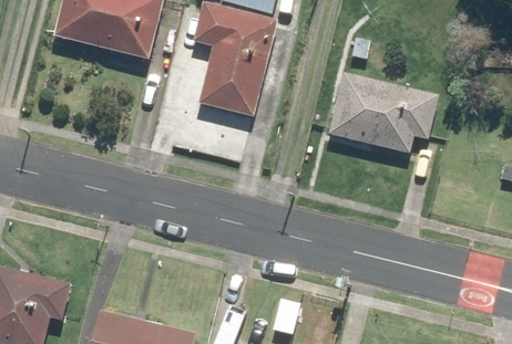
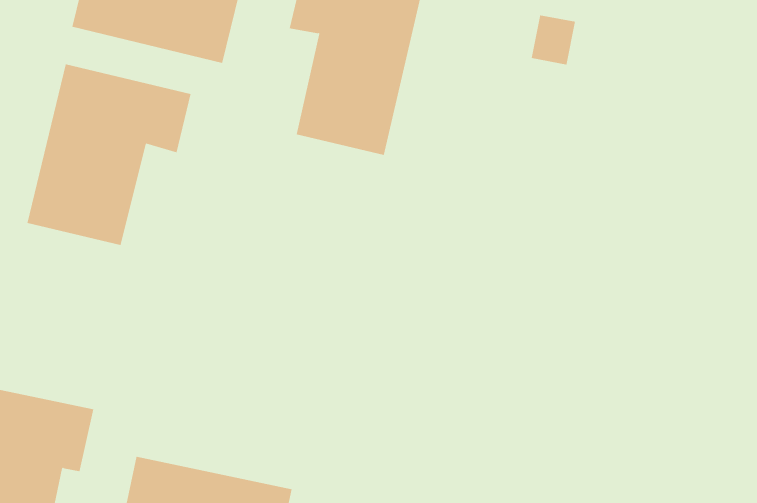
building: none -> [27,64,191,246]
building: [329,72,441,153] -> none

